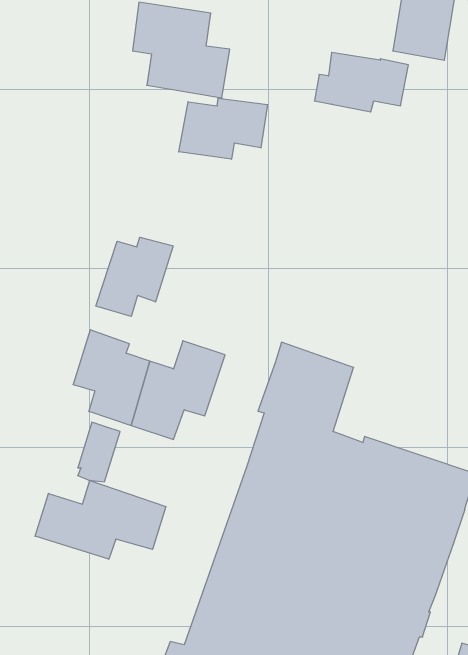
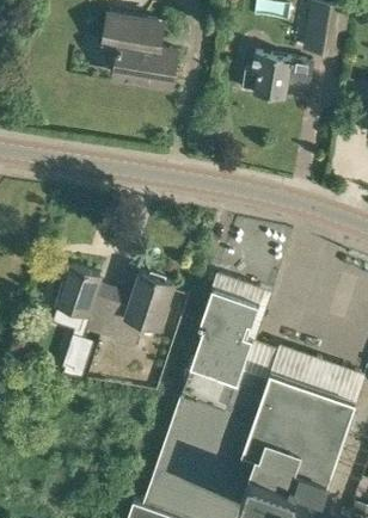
building: [179,98,268,159] -> none
building: [96,237,173,316] -> none
building: [35,480,166,559] -> none

